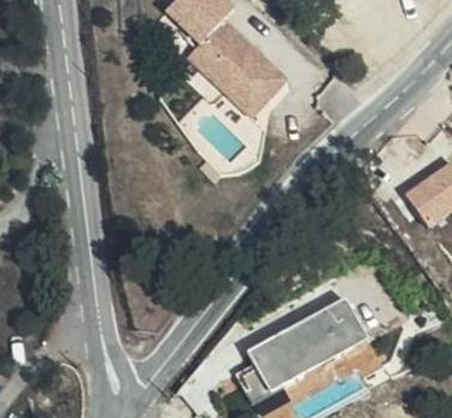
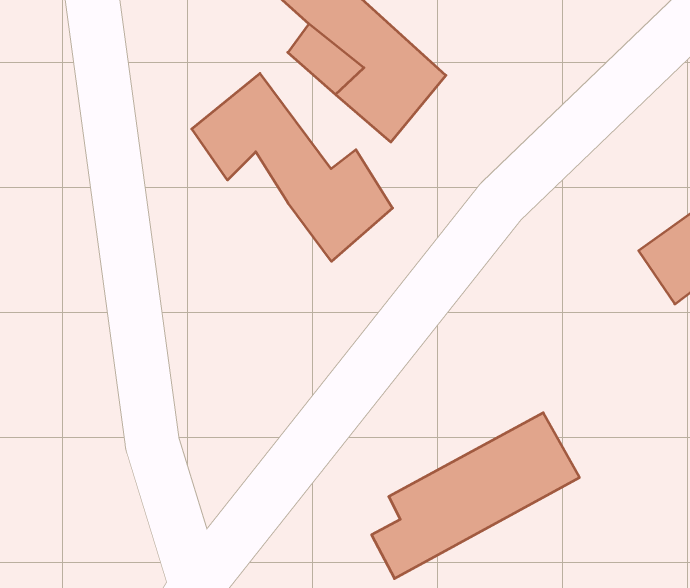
building: none -> [192,73,393,261]

